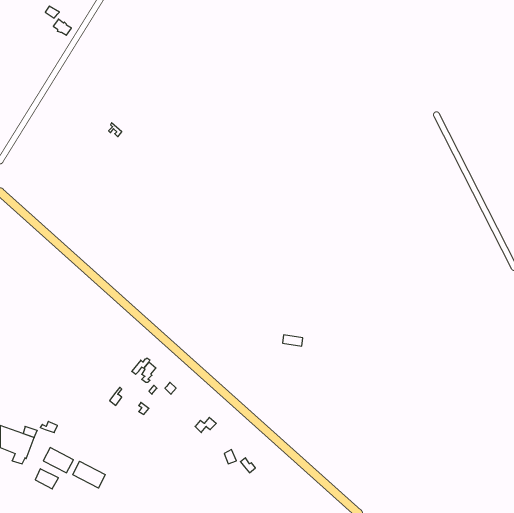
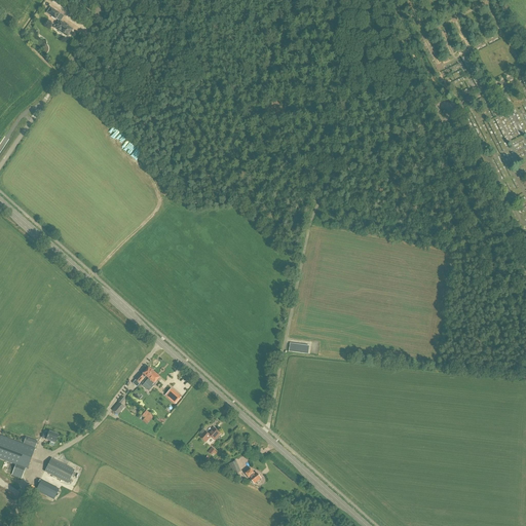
building: [73,461,105,488] -> none

